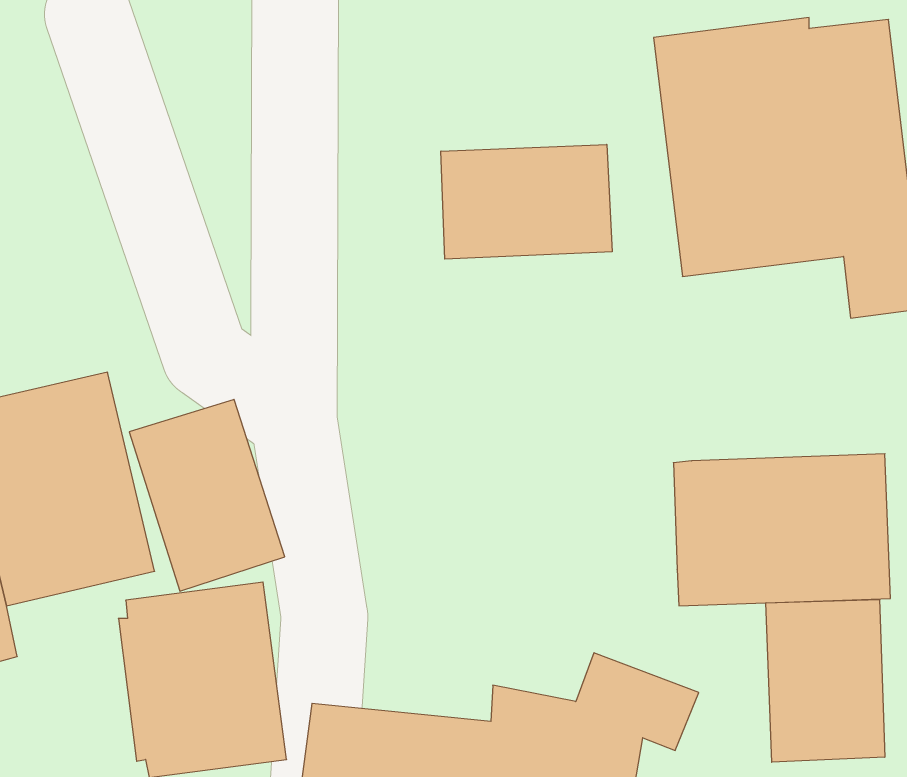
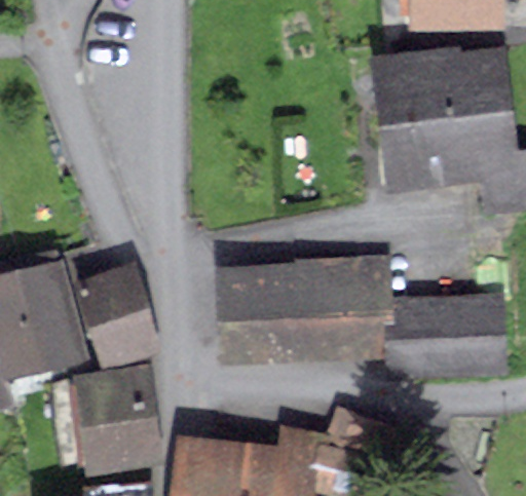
building: [441,144,612,259] -> none
building: none -> [215,256,393,367]
building: [766,599,885,762] -> none

